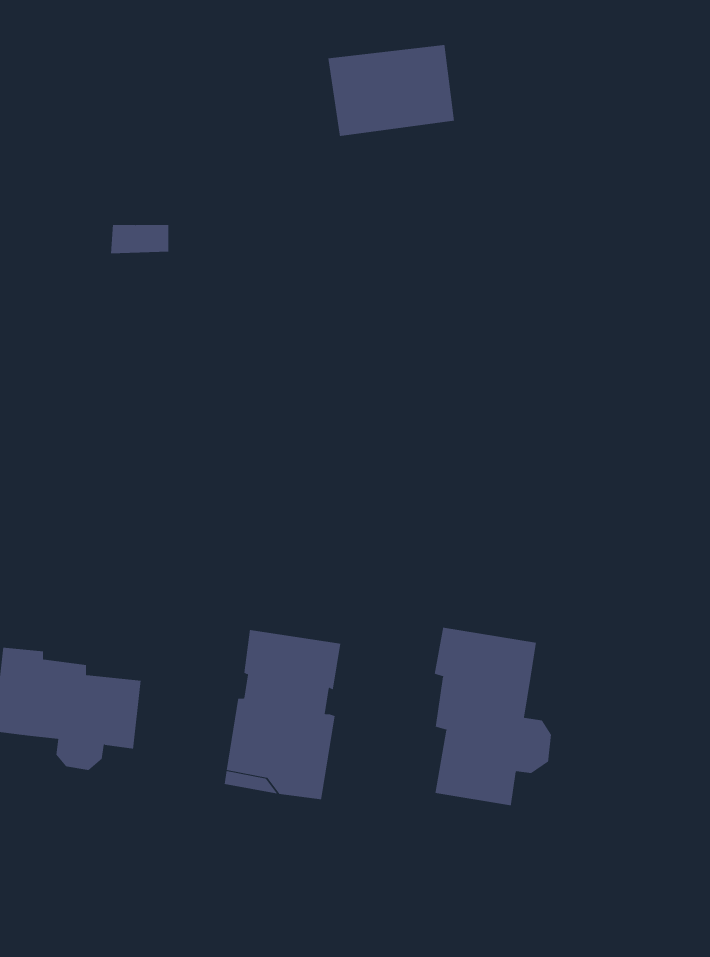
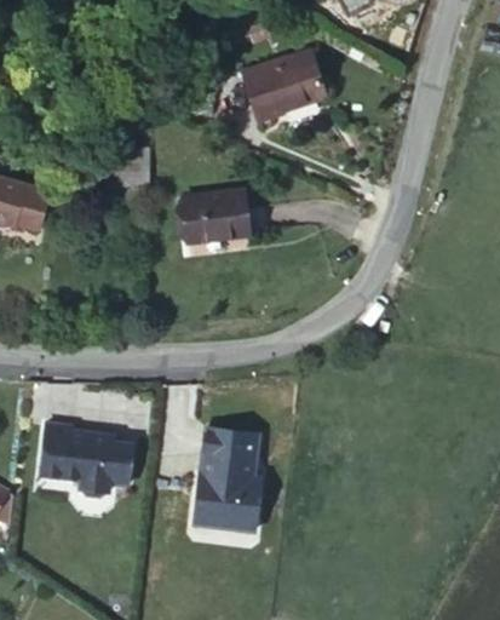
building: none -> [185,185,253,239]
building: [434,627,552,806] -> none

